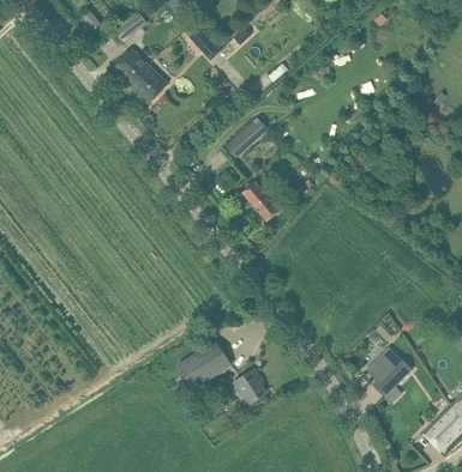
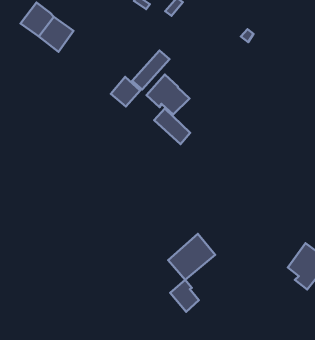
building: none -> [111,77,140,107]
building: none -> [147,74,190,115]
building: [179,340,230,388] -> [168,234,215,280]

